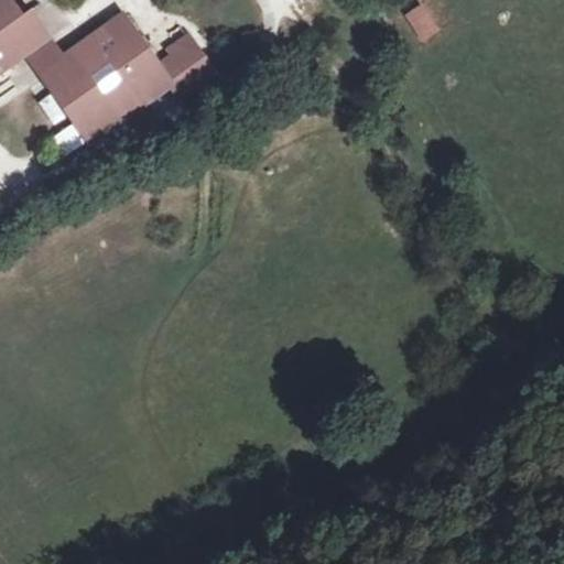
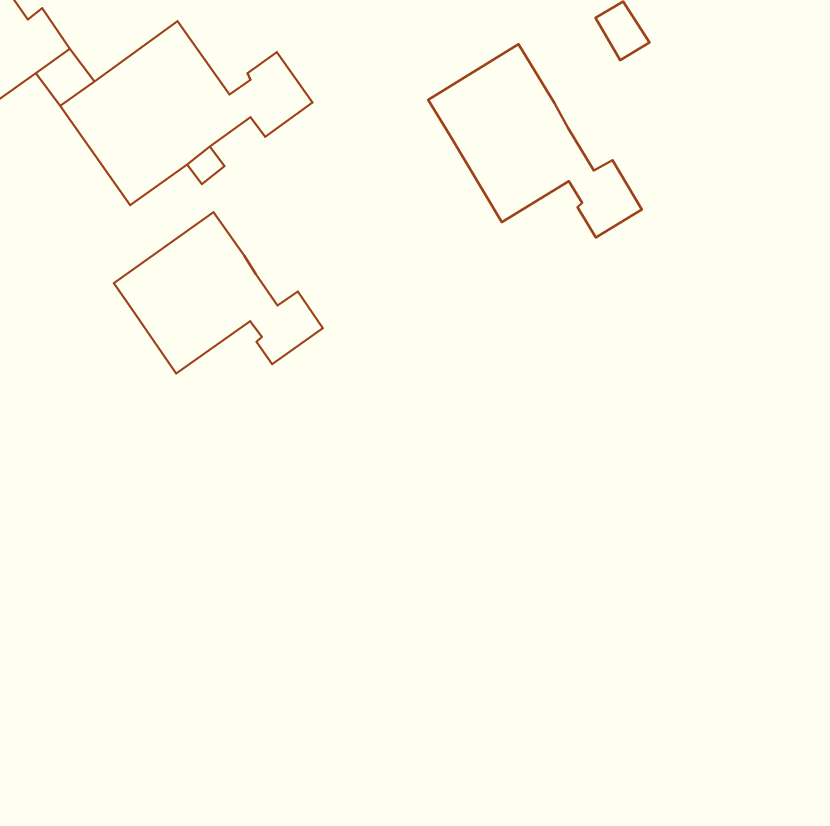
building: none -> [428,44,642,238]
building: none -> [114,212,323,374]

